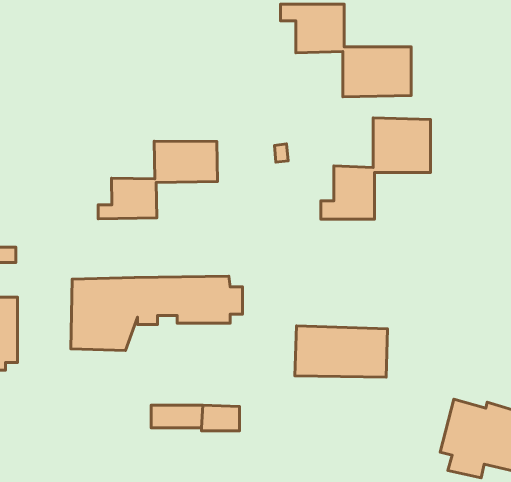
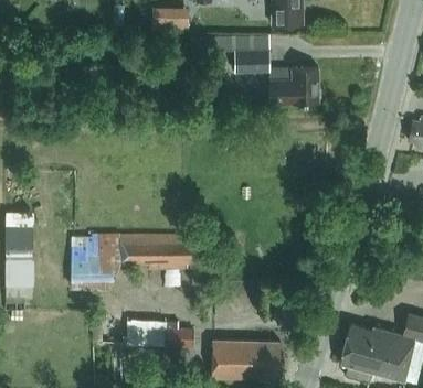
building: [321,118,431,219] -> none
building: [98,141,217,219] -> none
building: [295,326,388,377] -> [213,341,281,378]

